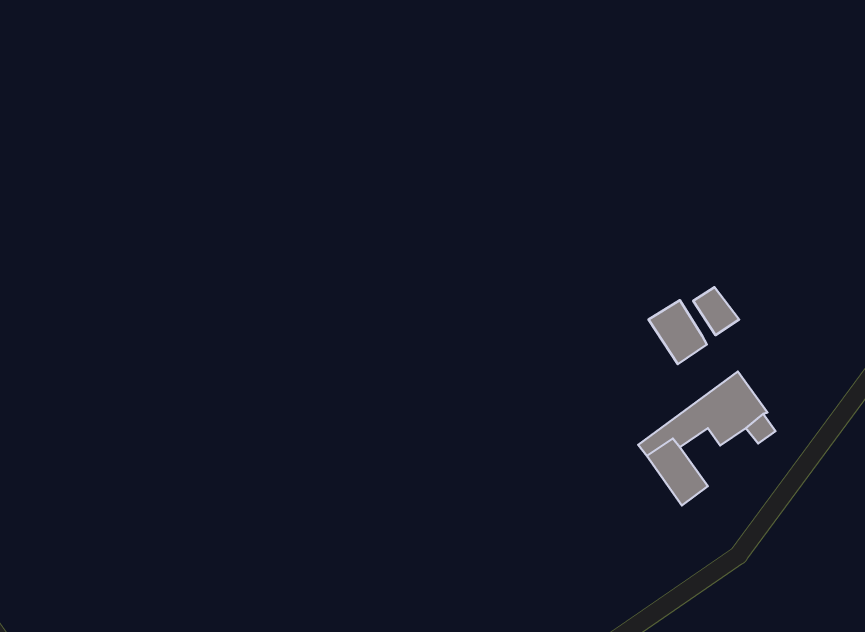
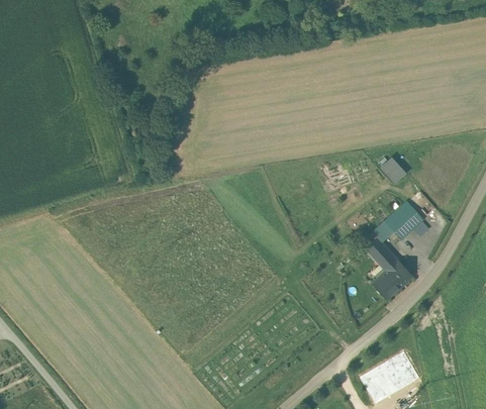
building: [649,300,707,364] -> none
building: none -> [373,261,413,300]

